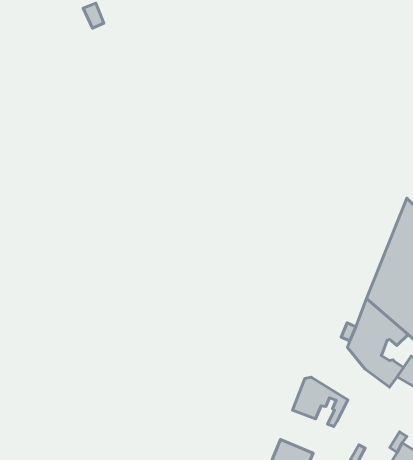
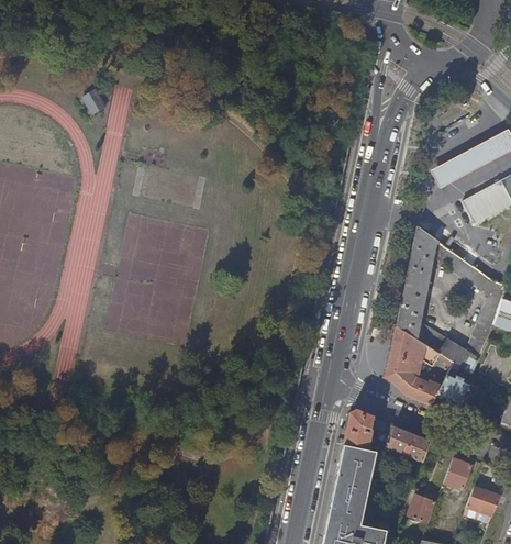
building: none -> [388,426,430,463]
building: none -> [337,445,378,482]

